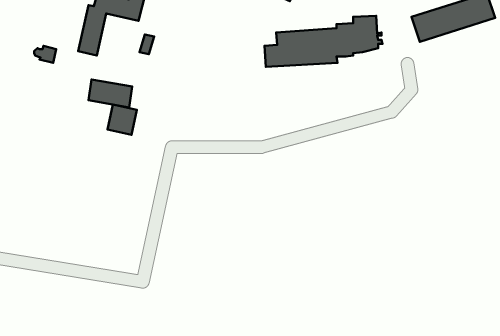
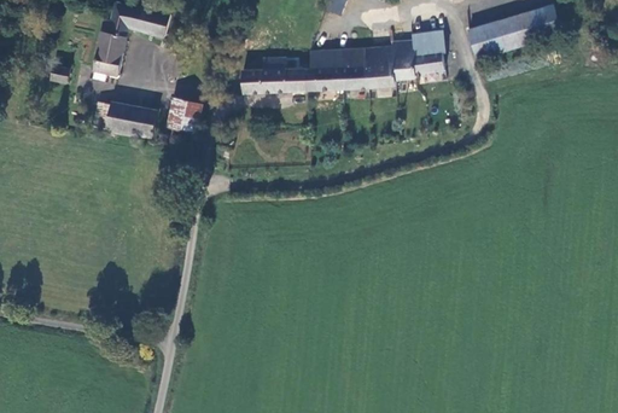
building: none -> [239,57,309,92]
building: [108,105,137,135] -> [167,98,200,133]

